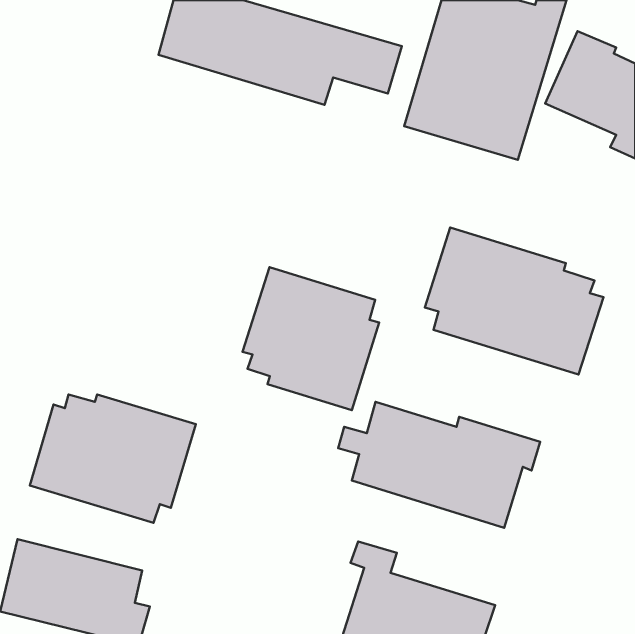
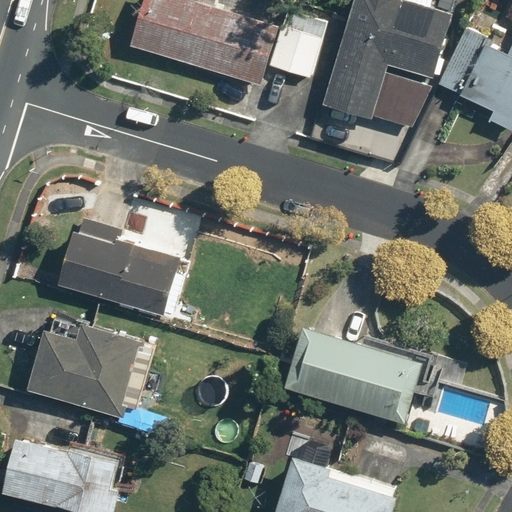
building: [425,228,603,374] -> none
building: none -> [56,217,183,316]
building: [243,267,379,410] -> none

